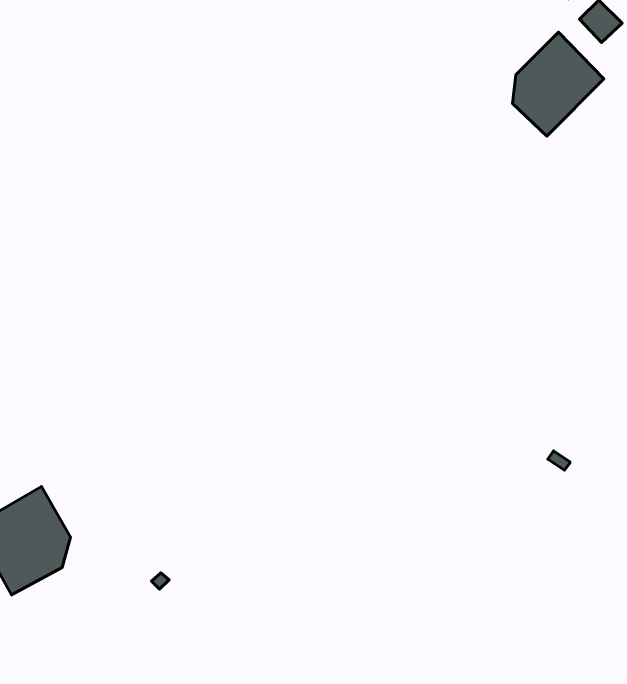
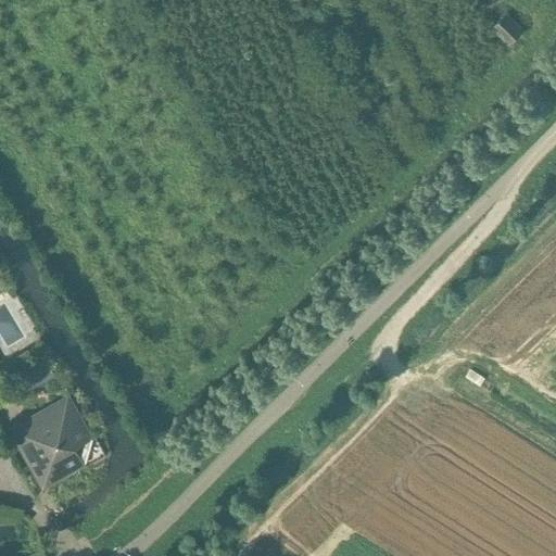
building: [513,32,604,136] -> none

